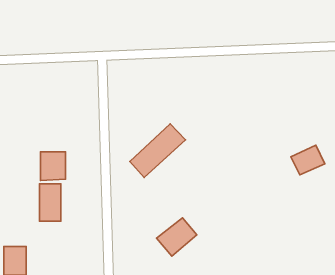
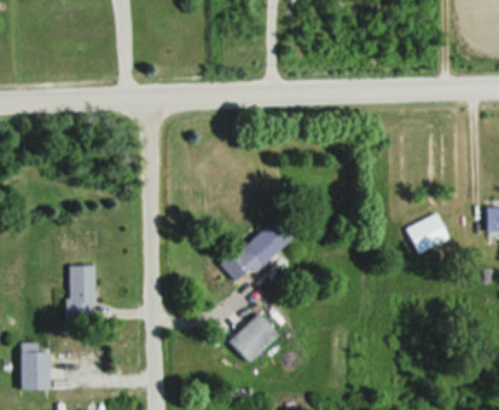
building: [130,124,185,178] -> [221,214,296,287]
building: [41,152,66,181] -> none

